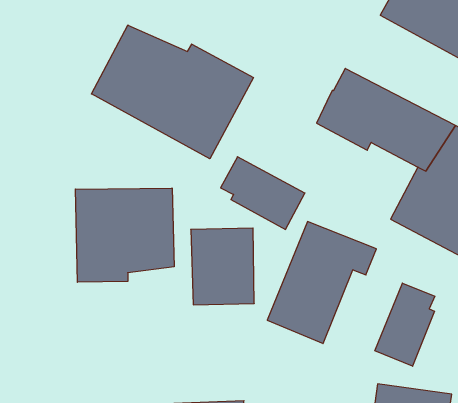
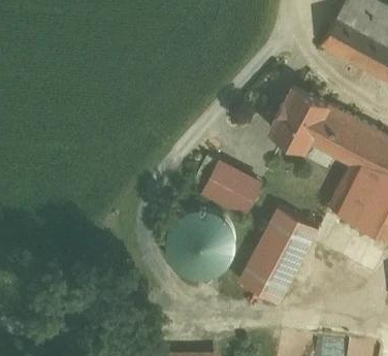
building: [91,25,253,159] -> none
building: [75,188,174,282] -> none
building: [375,283,435,366] -> none

